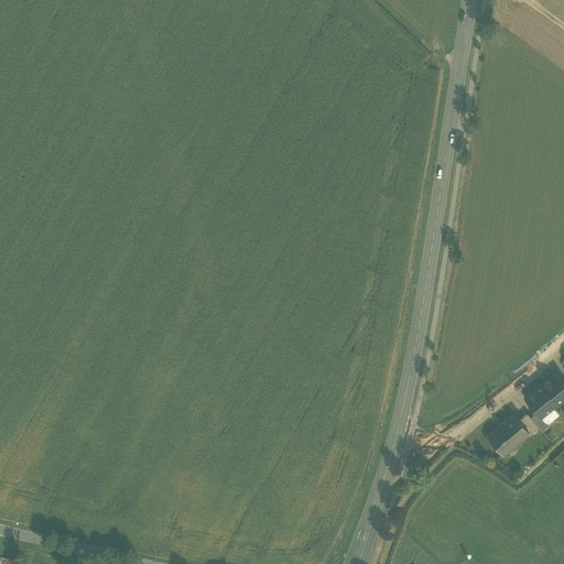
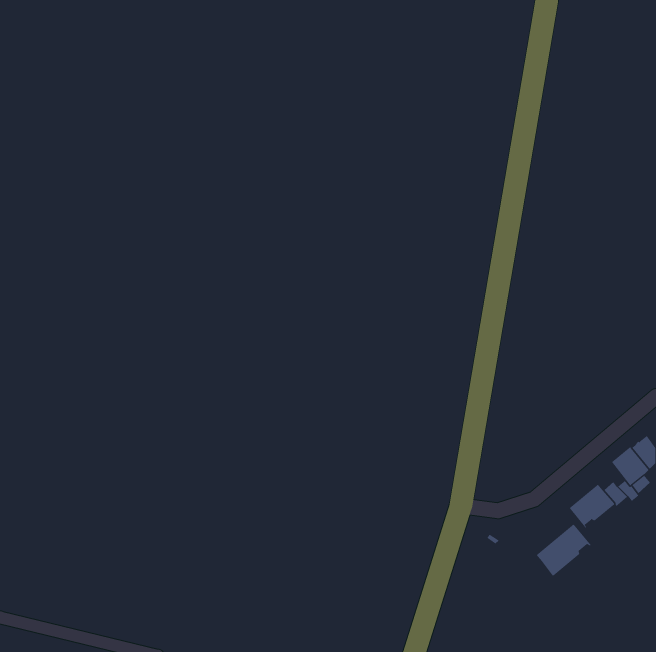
building: none -> [536,524,592,576]

